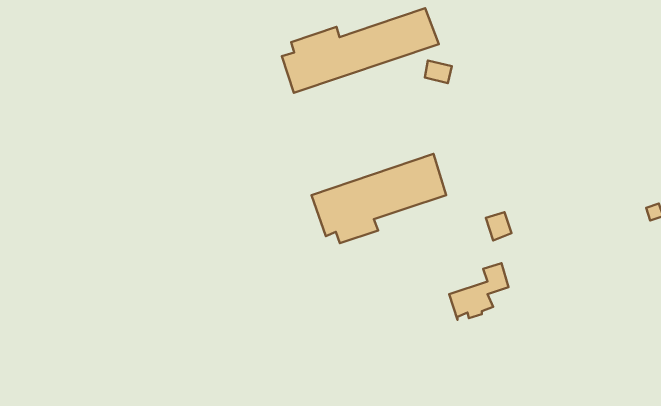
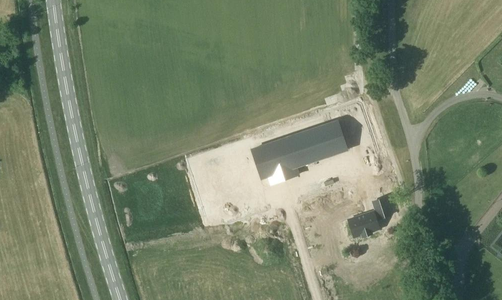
building: [282,8,439,93] -> none

